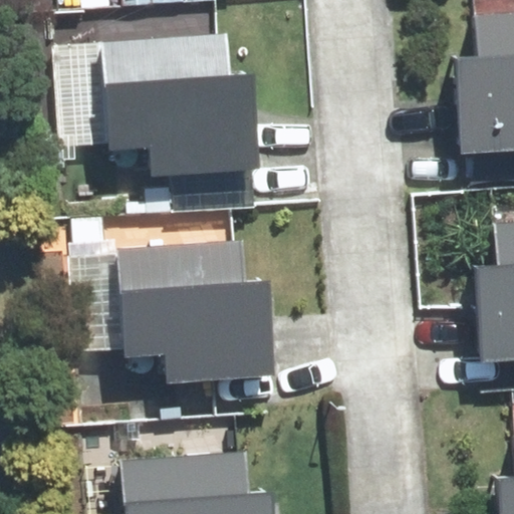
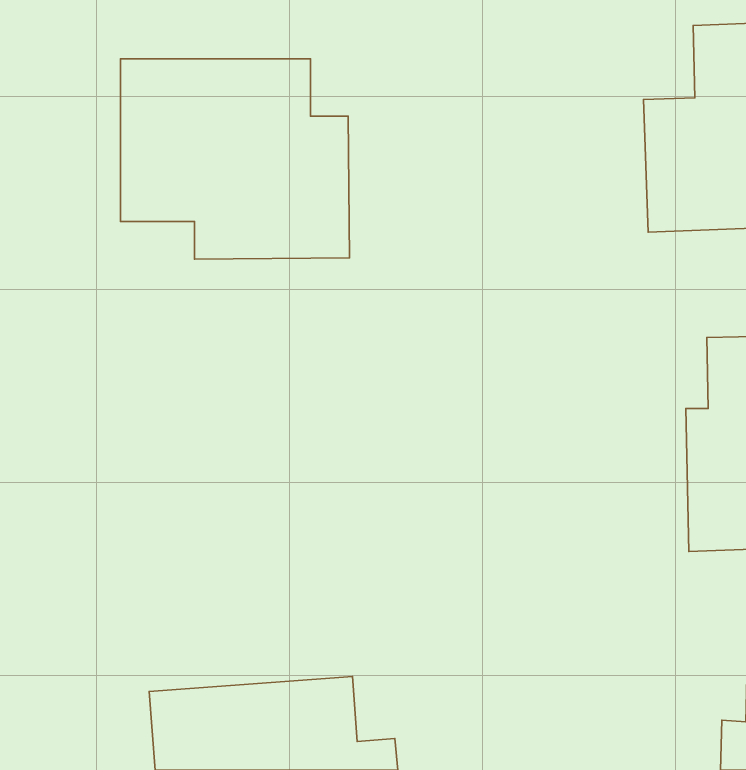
building: [114,243,265,380] -> none

